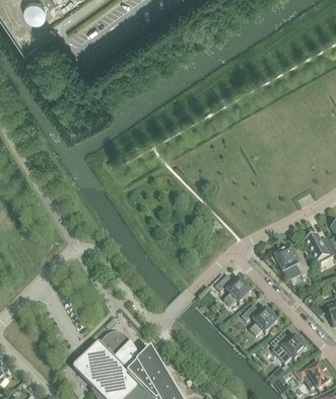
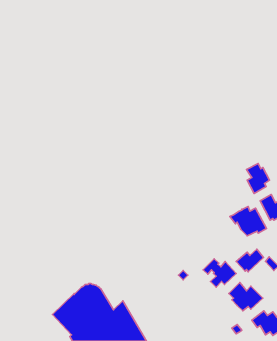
building: none -> [246,163,269,194]
building: [214,272,251,304] -> none
building: none -> [236,249,264,272]

